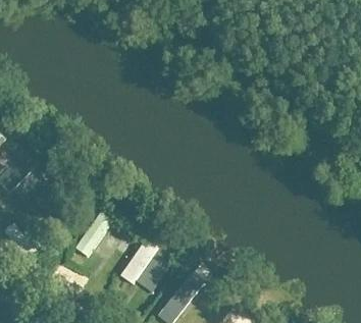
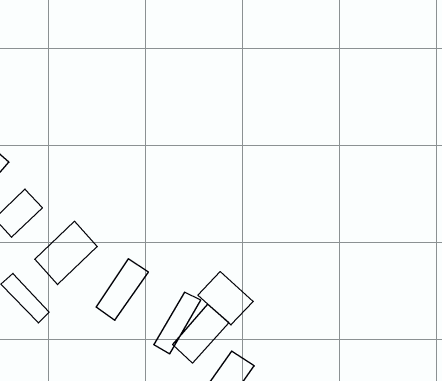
building: none -> [35,221,97,285]
building: none -> [198,272,253,325]

